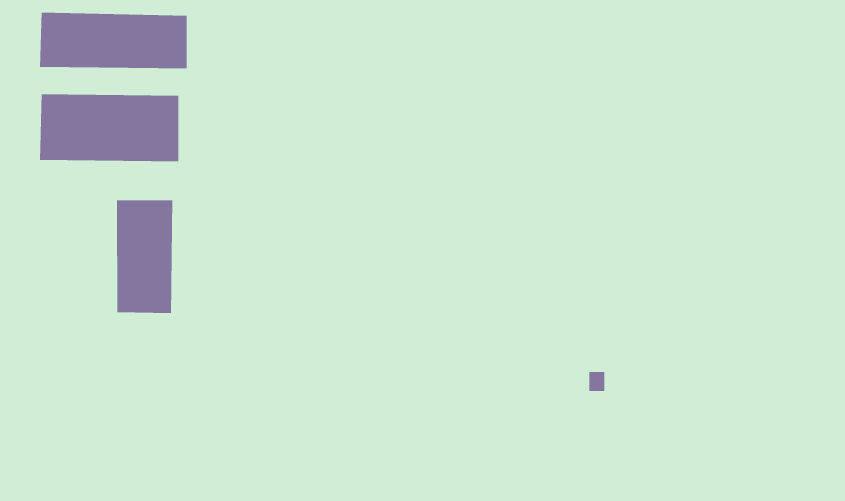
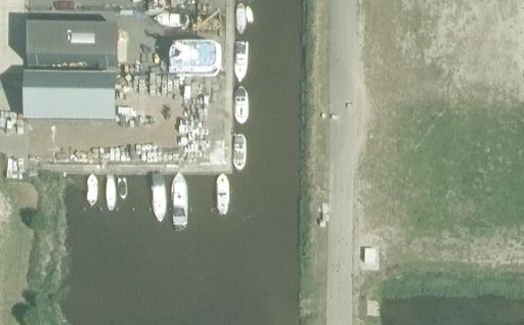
building: [116,200,173,314] -> none

